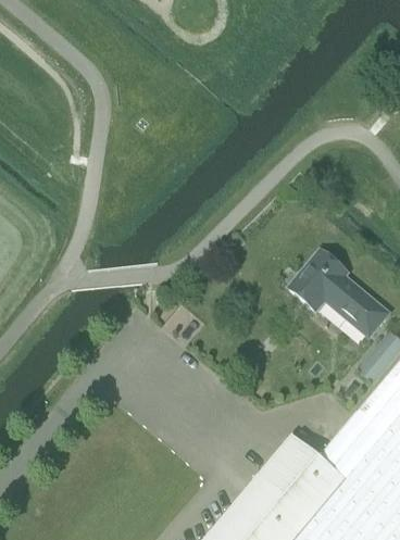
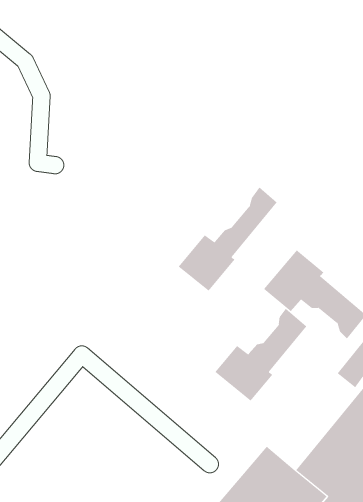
building: none -> [178,187,277,292]
building: none -> [215,308,307,401]

